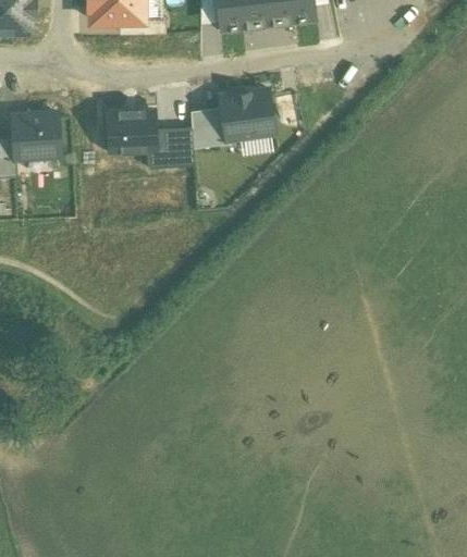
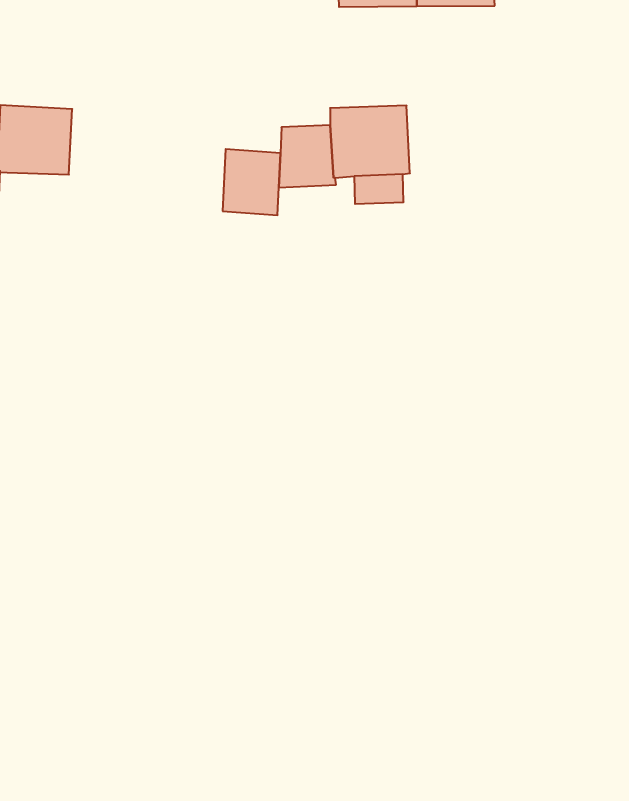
building: [105,107,159,169] -> none

